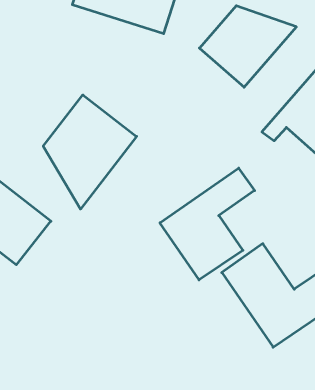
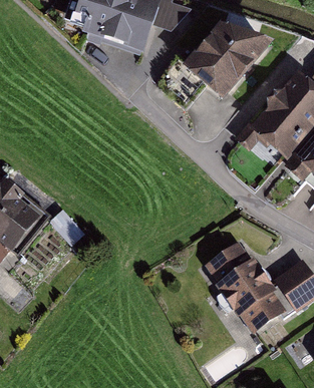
building: [43,95,137,209] -> none
building: [160,168,255,280] -> none

